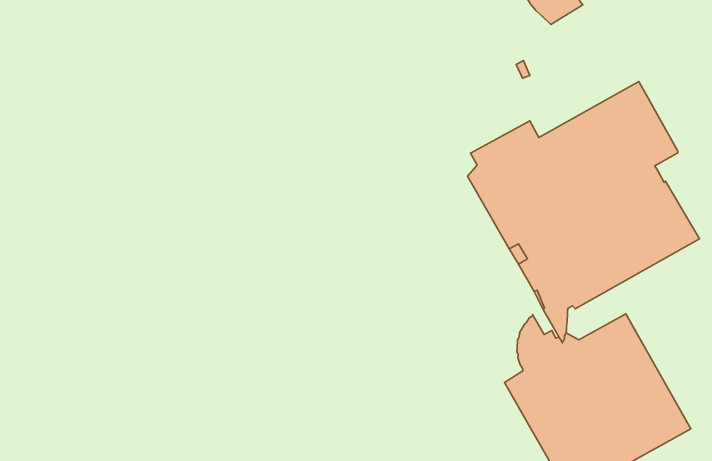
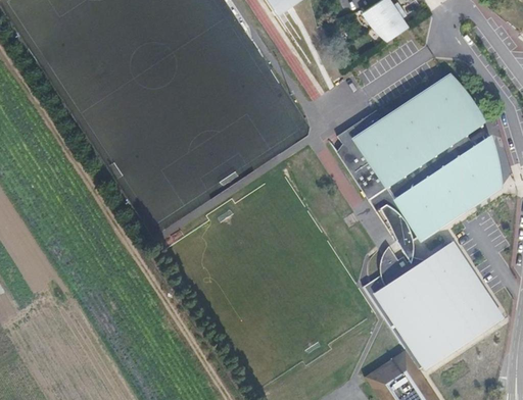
building: none -> [470,128,503,184]

